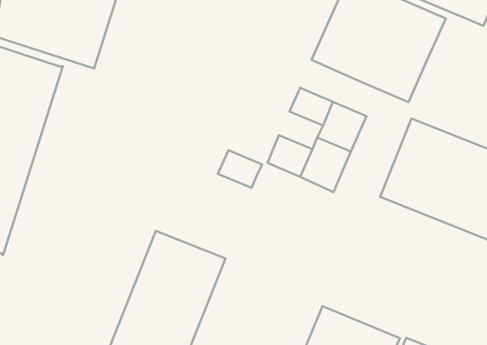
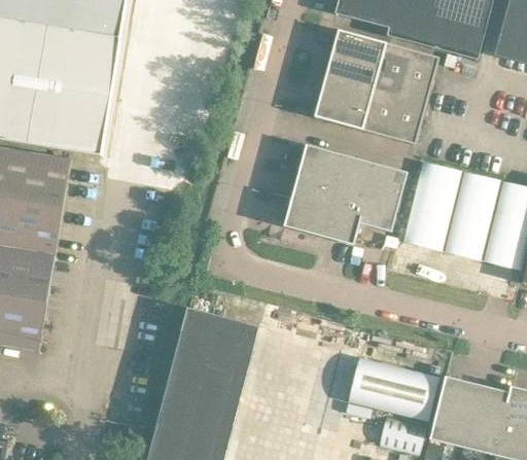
building: none -> [359,164,408,232]
building: [218,150,262,188] -> [292,170,335,204]

